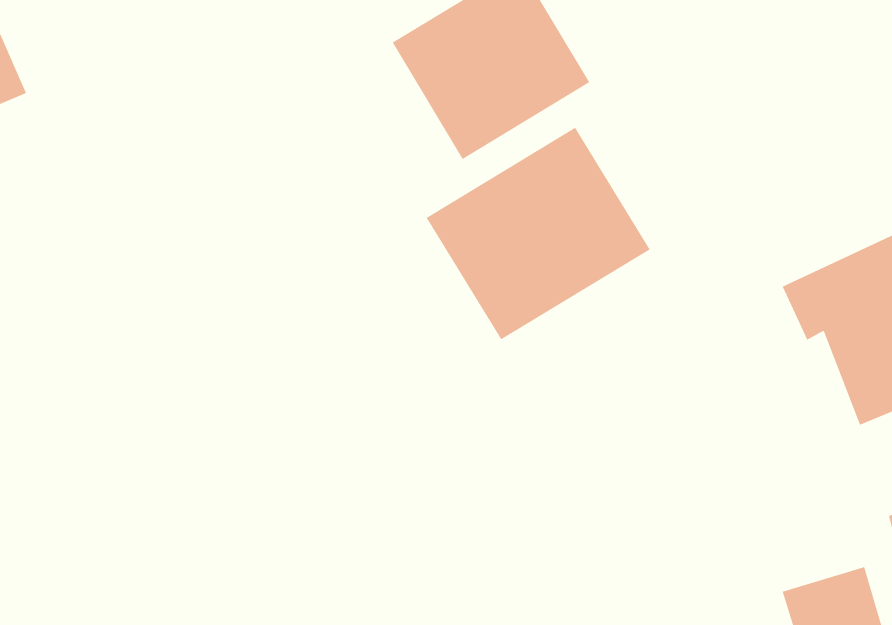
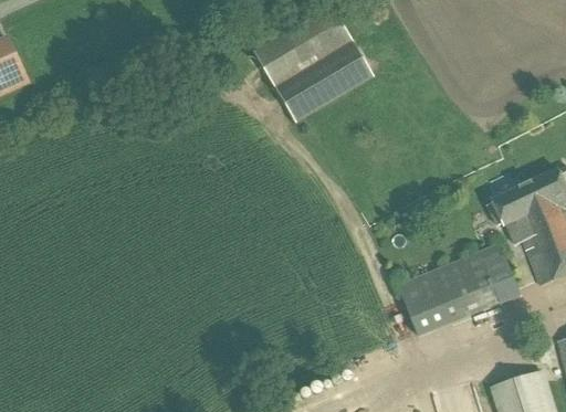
building: [426,127,650,340] -> none
building: none -> [397,243,521,336]

